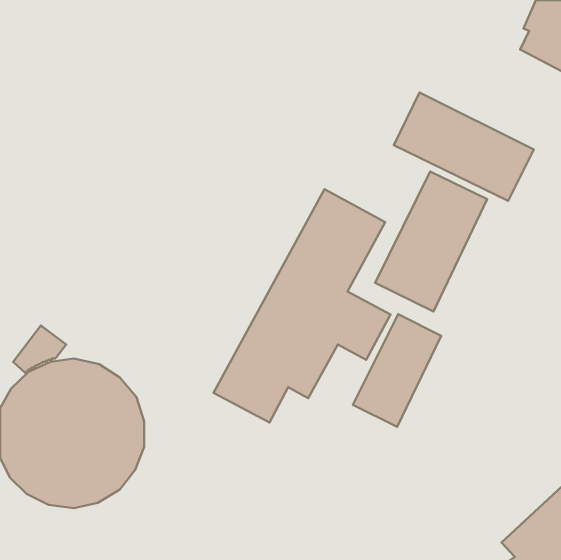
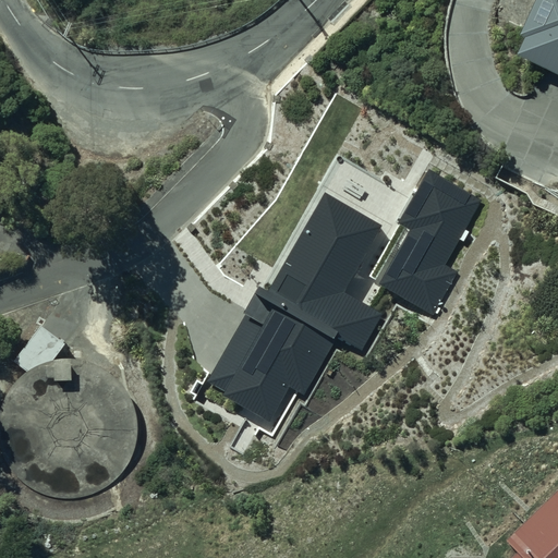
building: [394,92,534,201] -> none
building: [353,314,441,427] -> none

